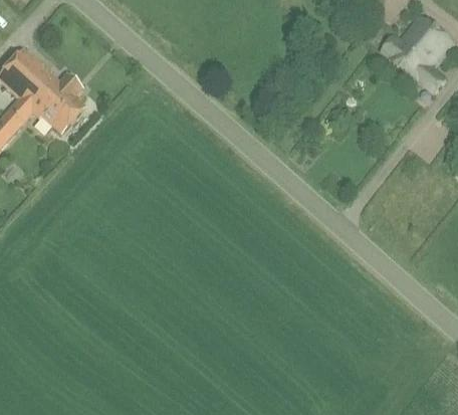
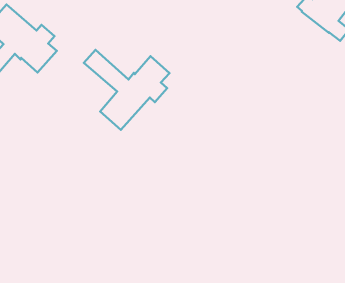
building: none -> [84,50,170,130]

